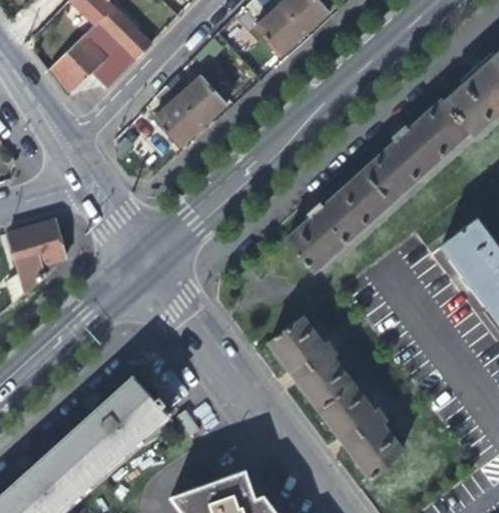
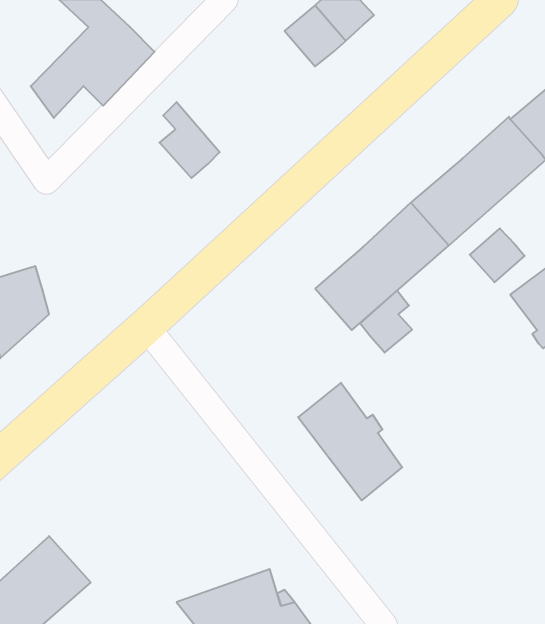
building: [168,75,227,126] -> none
building: none -> [470,228,525,282]
building: none -> [360,291,412,353]
building: [64,378,168,478] -> none
building: [320,384,402,480] -> none

